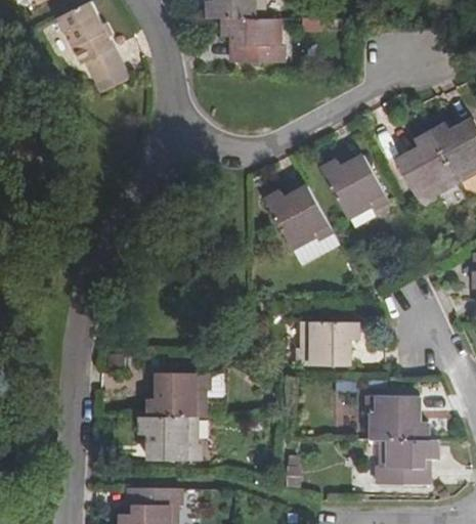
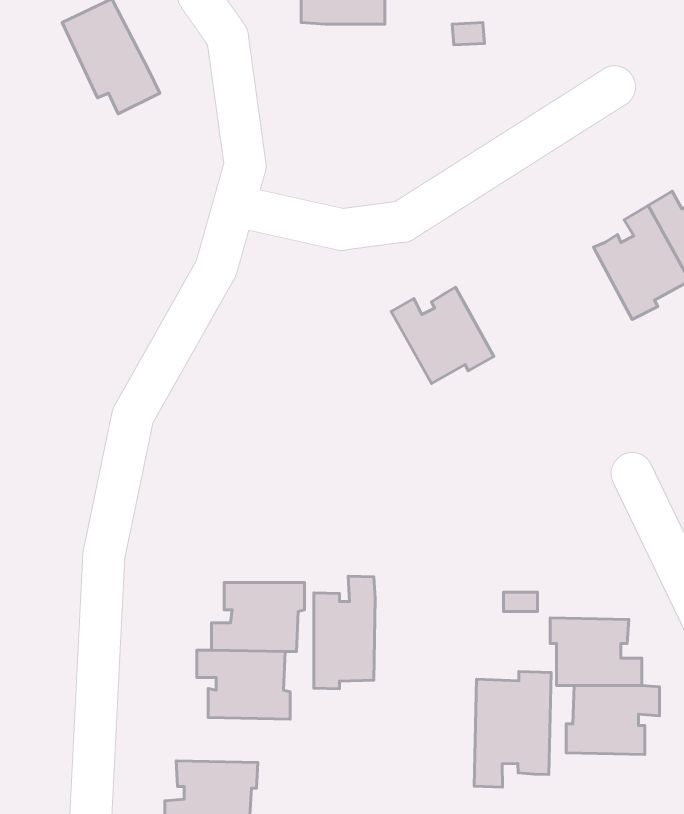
building: [224,17,282,61] -> none
building: [321,155,387,215] -> none
building: [300,322,354,365] -> none
building: none -> [314,576,375,689]
building: none -> [474,672,551,787]

